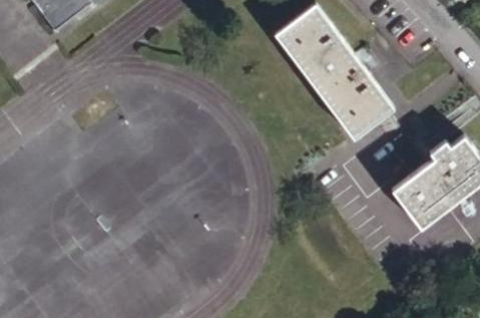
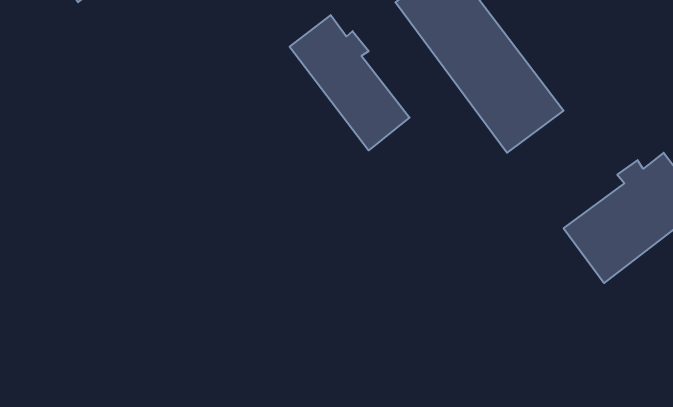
building: none -> [290,15,410,150]

